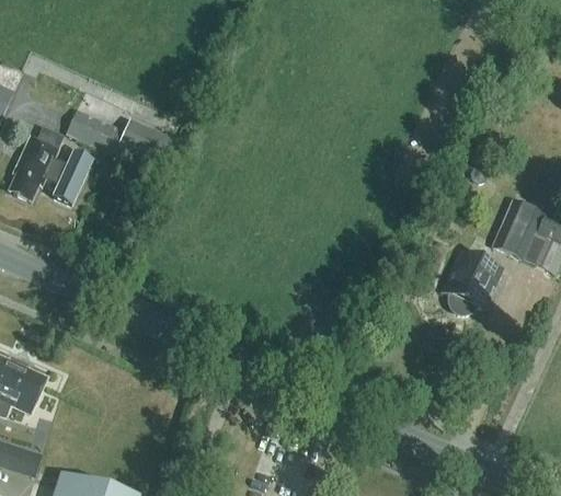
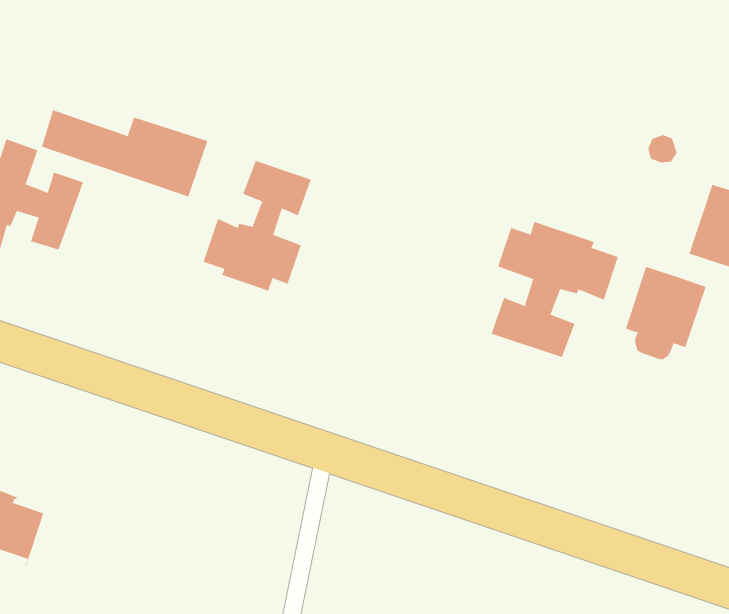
building: none -> [203,160,311,292]
building: none -> [491,221,619,358]

